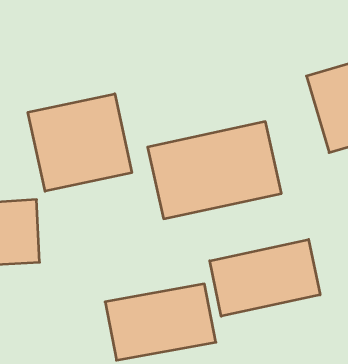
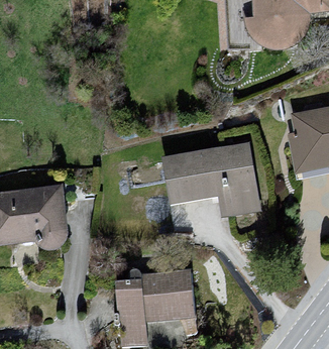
building: [28,94,132,191] -> none
building: [210,239,320,316] -> none

